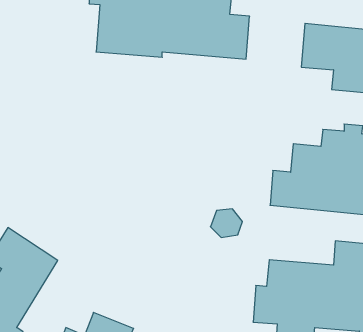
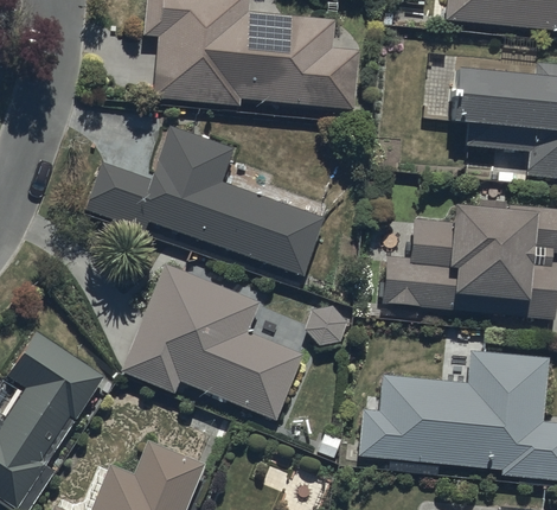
building: none -> [88,127,322,274]
building: none -> [121,263,303,420]

